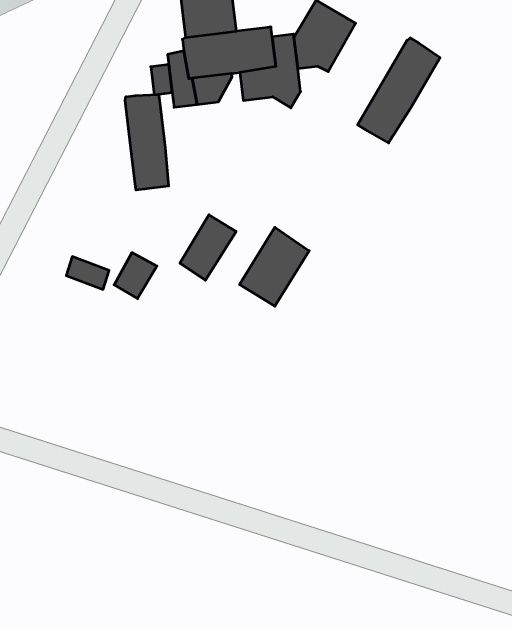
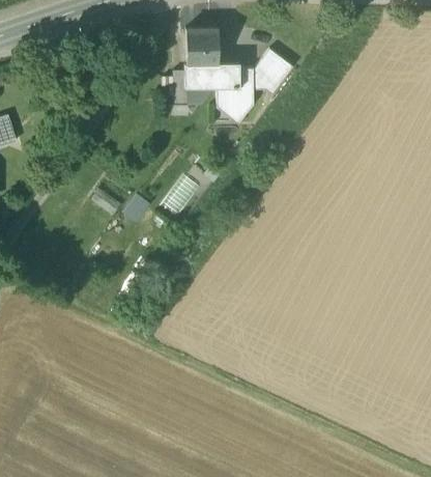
building: [358,38,440,143] -> none
building: [125,94,169,190] -> none
building: [240,227,309,306] -> none

